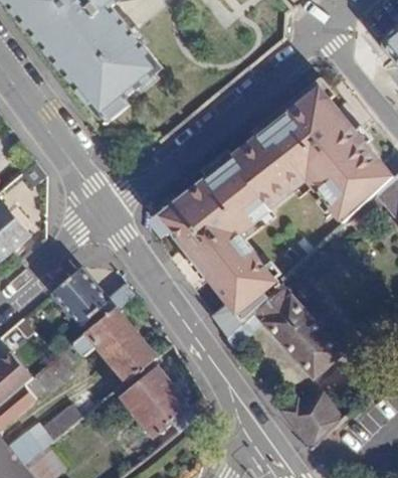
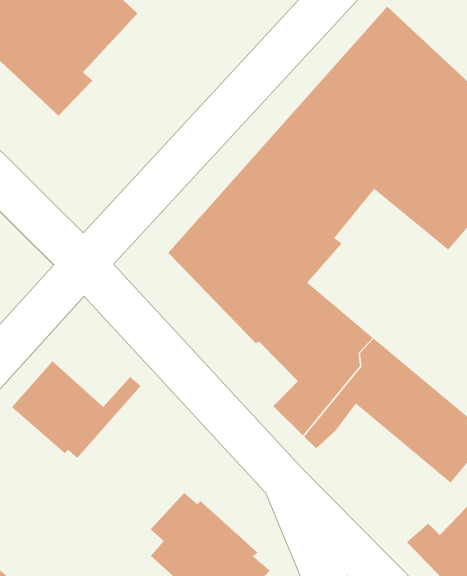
building: [69,293,155,381] -> none

